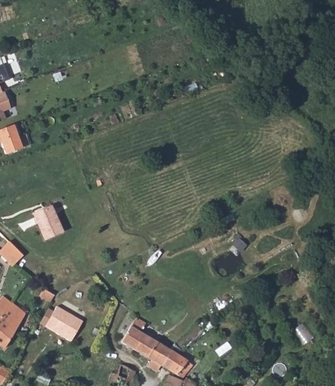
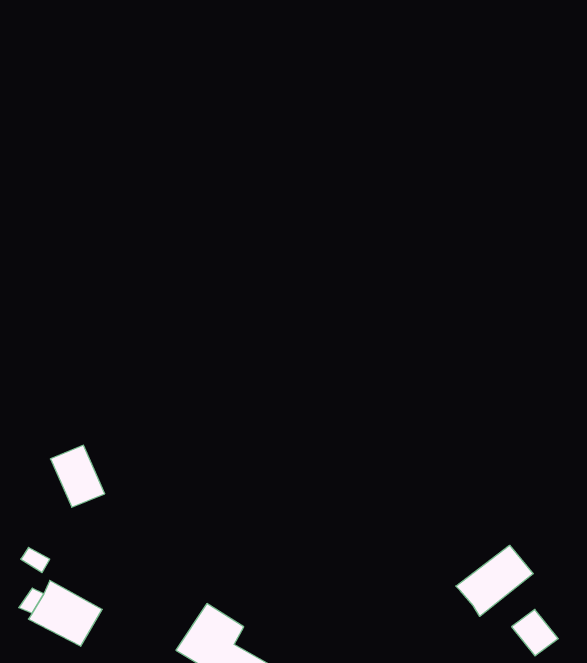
building: [36,207,64,239] -> [50,445,105,507]
building: none -> [456,545,533,616]

